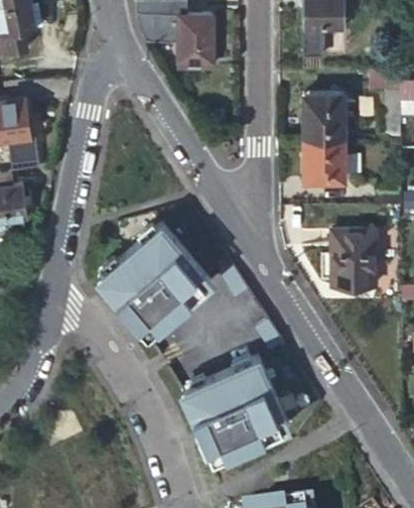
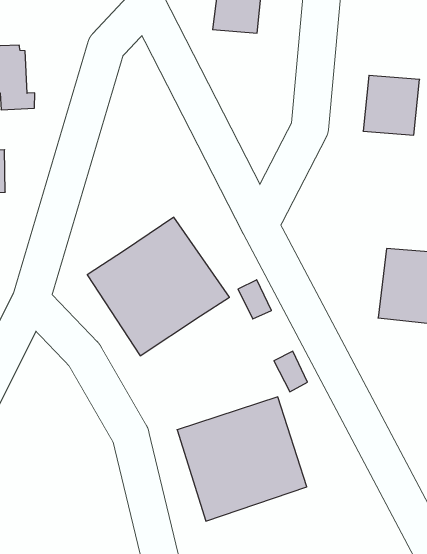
building: [304,138,344,182] -> none

